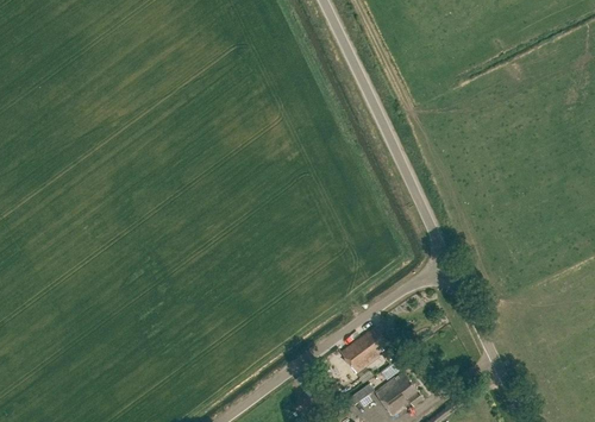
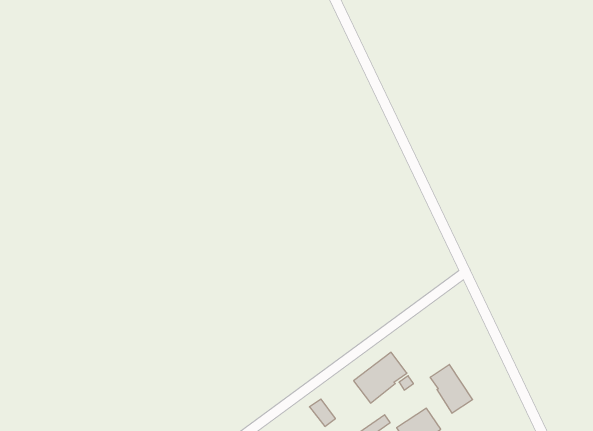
building: none -> [430,364,473,413]

